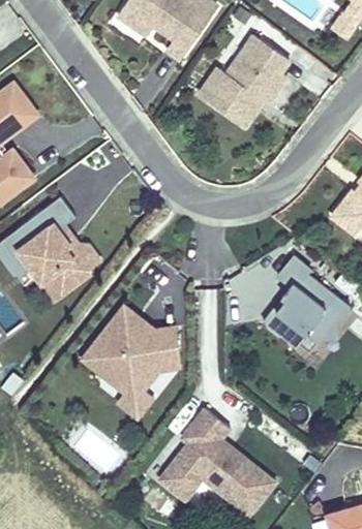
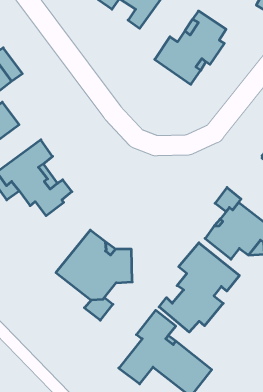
building: none -> [159,243,239,332]

